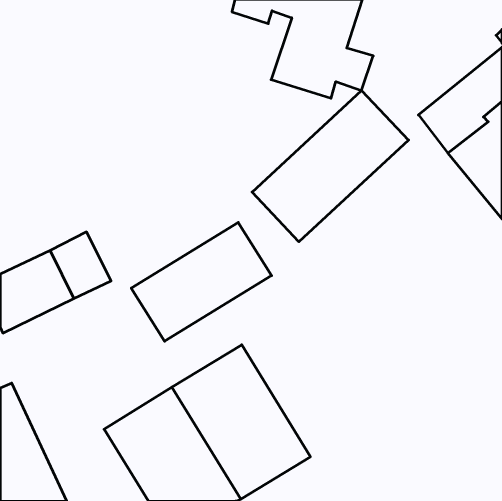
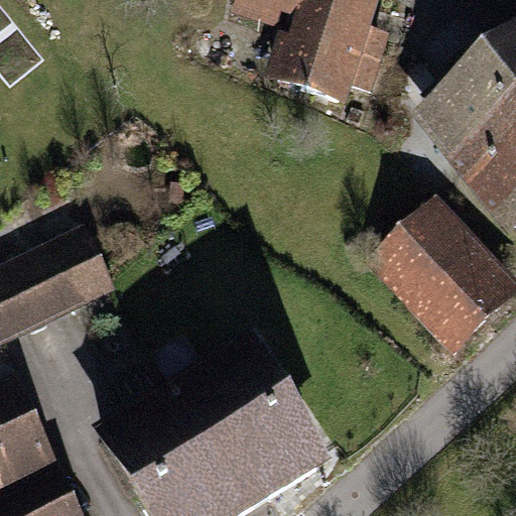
building: [252,90,409,242] -> none
building: none -> [365,212,509,348]
building: [131,222,272,341] -> none

